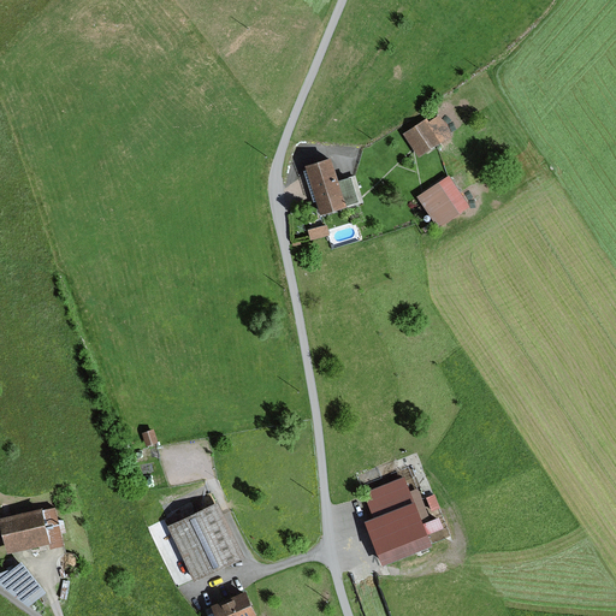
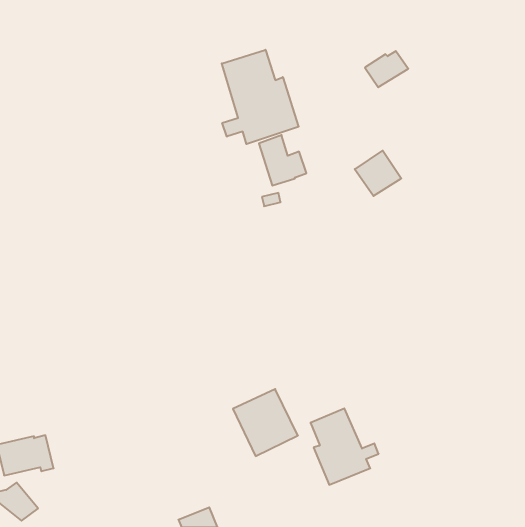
building: none -> [222,50,299,144]
building: [401,116,451,158] -> [365,51,408,87]
building: [166,504,242,582] -> [233,389,298,456]

